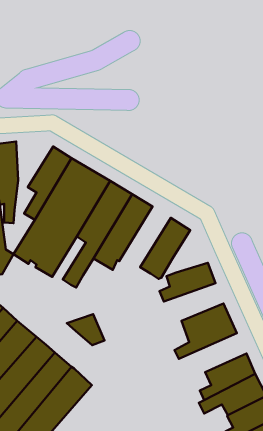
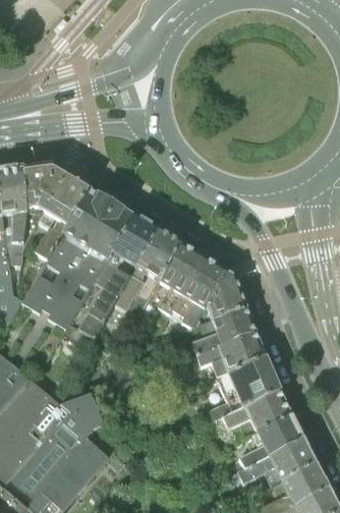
building: none -> [23,163,68,246]
building: none -> [145,242,205,312]
building: none -> [207,270,247,319]
building: none -> [196,331,266,375]
building: [67,314,105,345] -> [60,392,104,428]
building: none -> [209,389,292,434]

